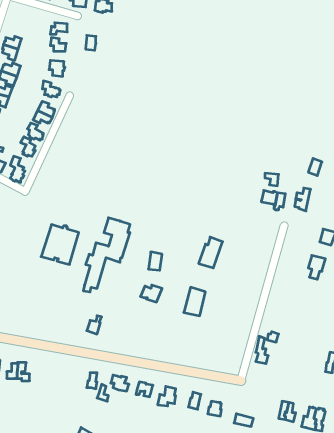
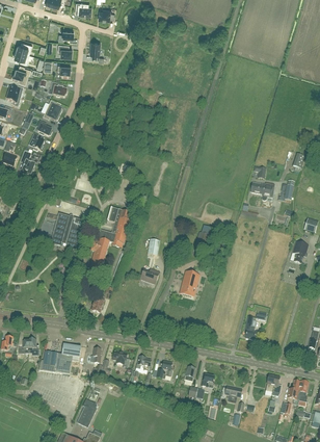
building: none -> [38,344,80,374]

